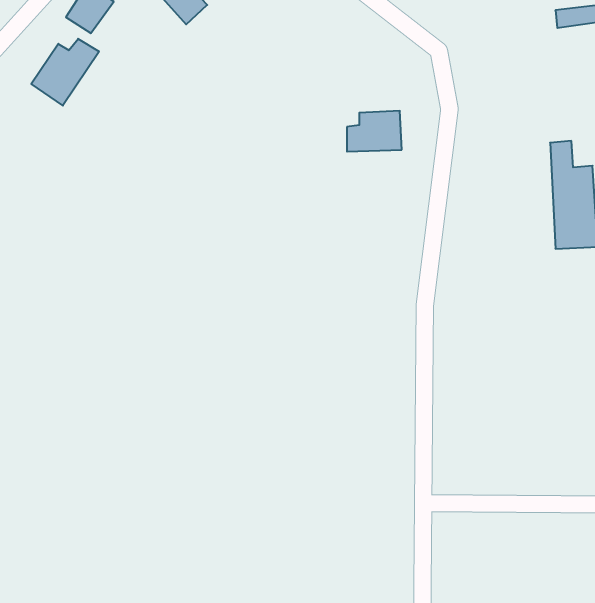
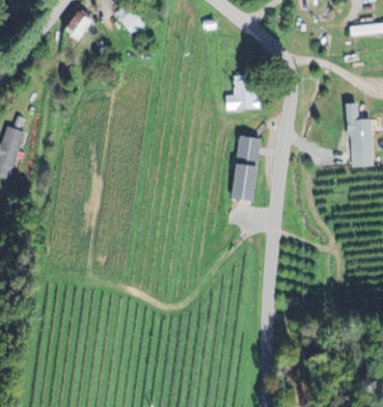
building: [31,39,99,106] -> none
building: none -> [232,135,262,200]

